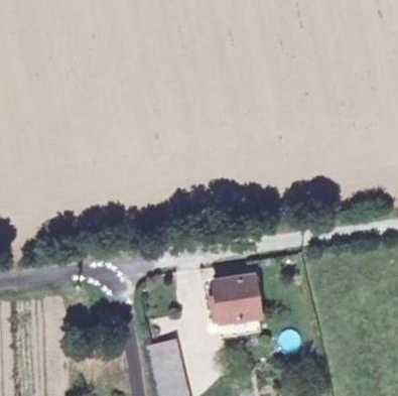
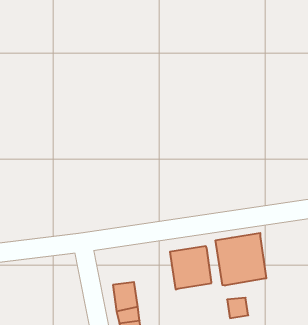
building: none -> [216,233,266,286]

